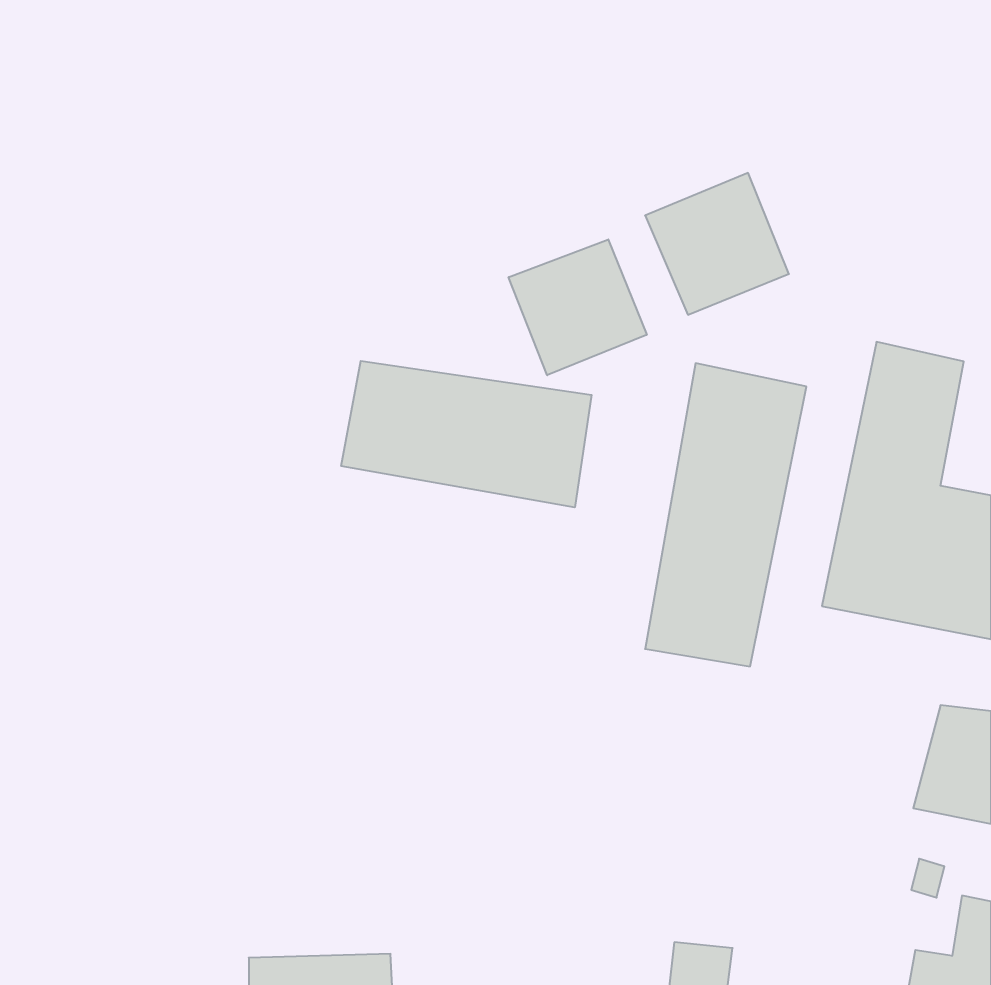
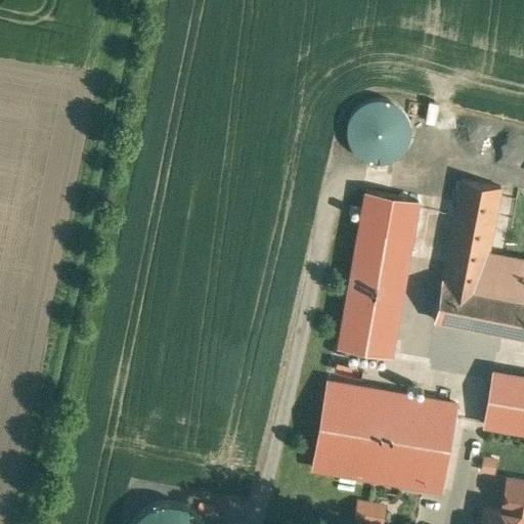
building: [509,239,647,375] -> none
building: [341,361,592,507] -> none
building: none -> [314,383,463,491]

